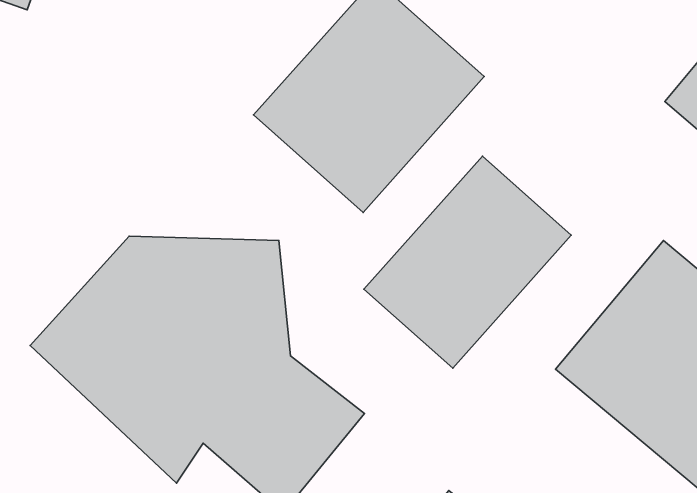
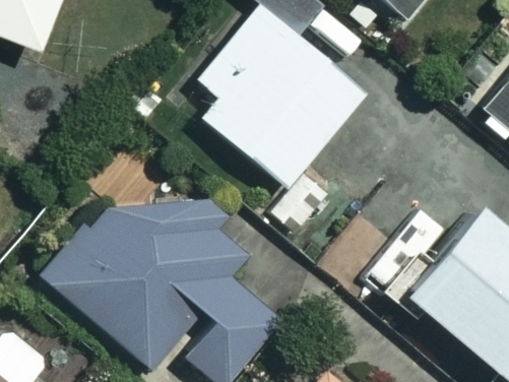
building: [364,156,571,368] -> none

